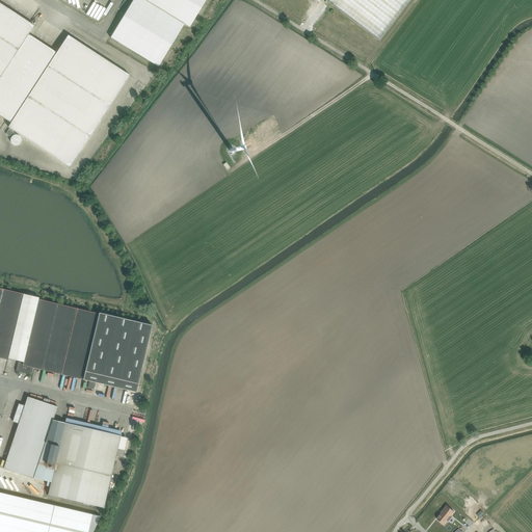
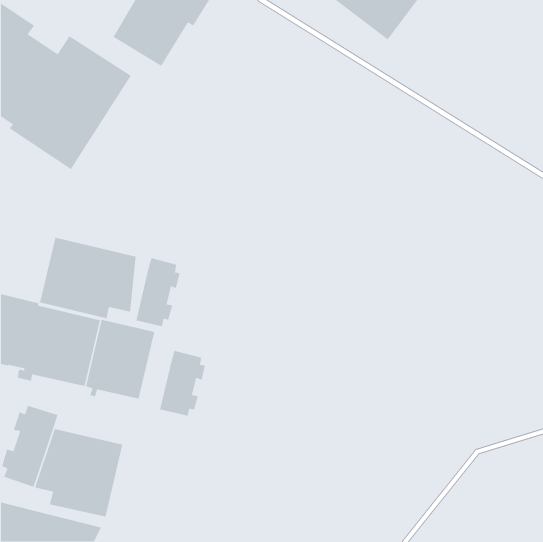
building: none -> [39,237,137,319]
building: none -> [135,257,181,327]
building: none -> [159,350,206,416]

